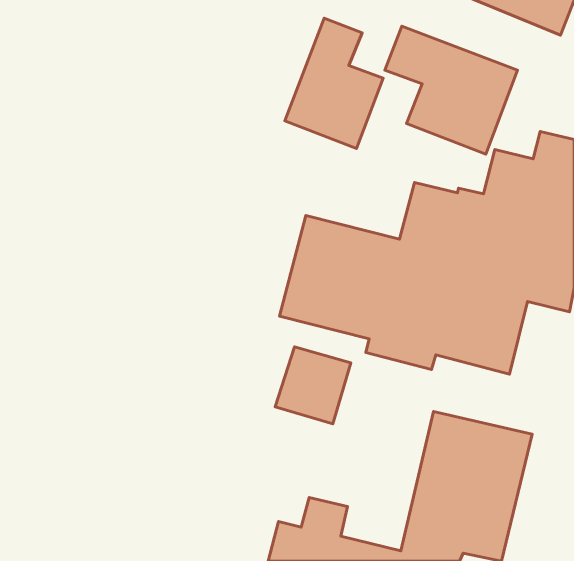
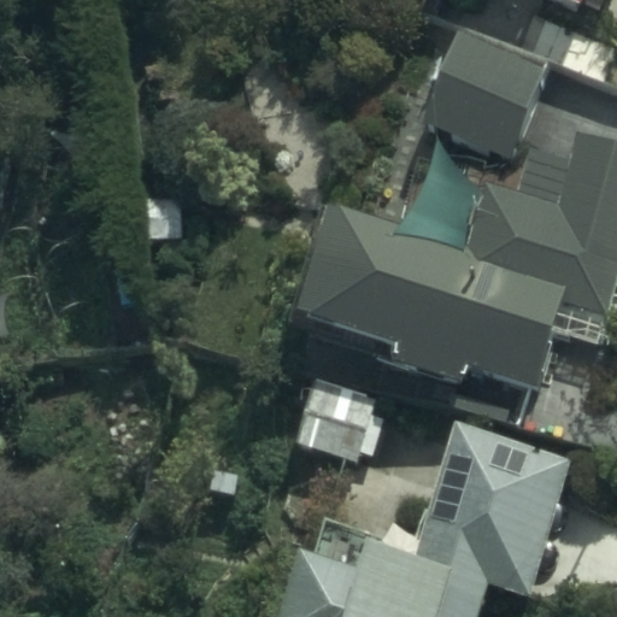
building: [285,18,383,149] -> none

